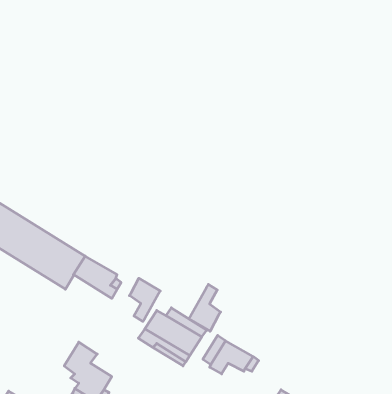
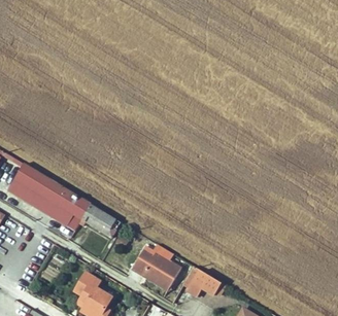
building: [129,278,160,321] -> none
building: [189,284,221,331] -> none

